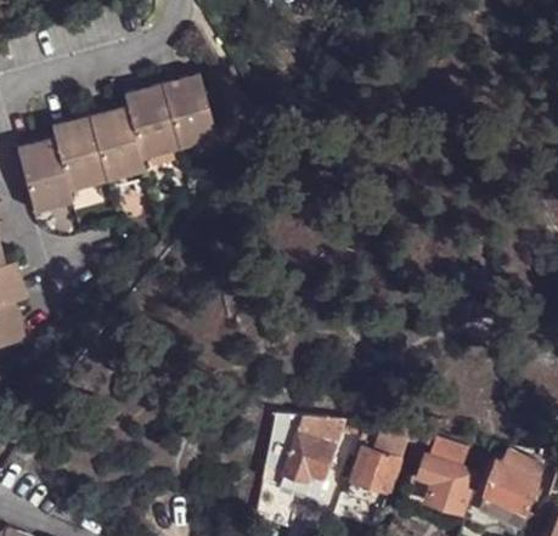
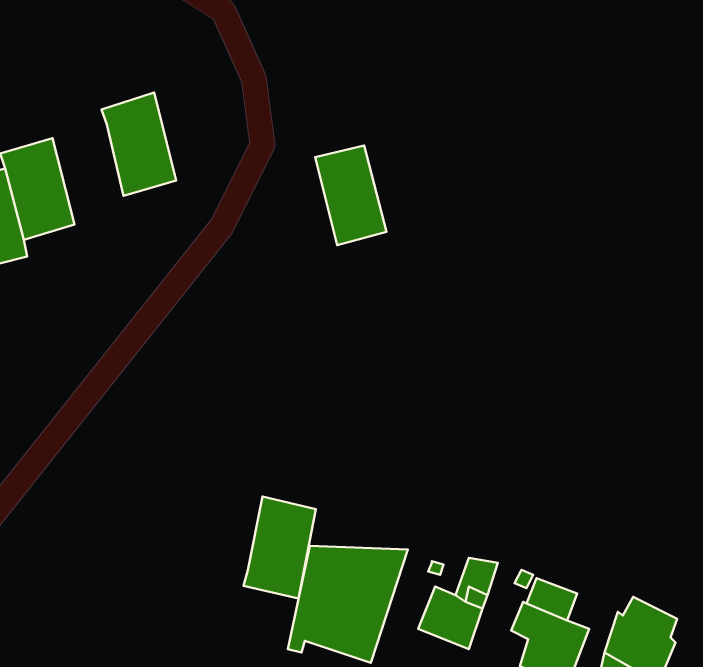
building: [163,78,214,149] -> [315,145,386,245]
building: [90,109,145,181] -> none
building: none -> [244,497,316,598]

